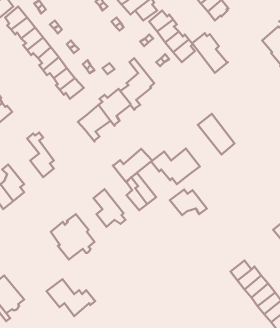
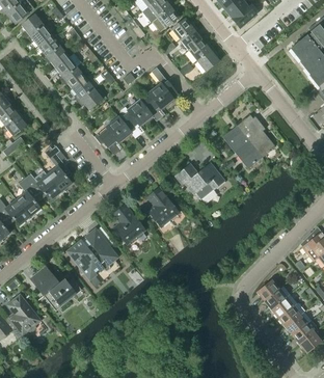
building: [192,33,228,73] -> [237,115,274,157]
building: [113,149,152,182] -> none
building: none -> [24,170,60,200]
building: [170,189,207,215] -> none
building: [47,279,95,316] -> [30,267,81,305]

